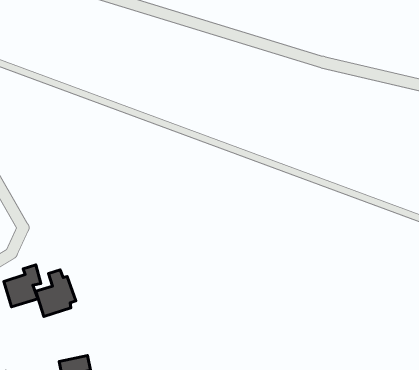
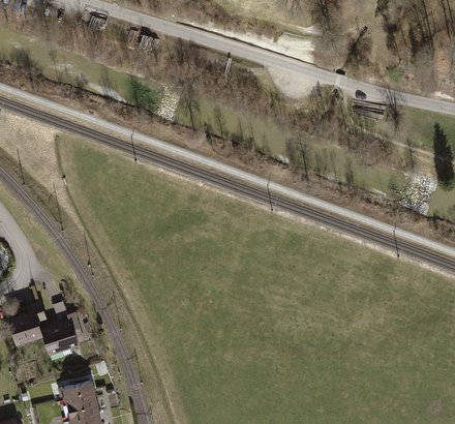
building: none -> [61,381,95,403]

